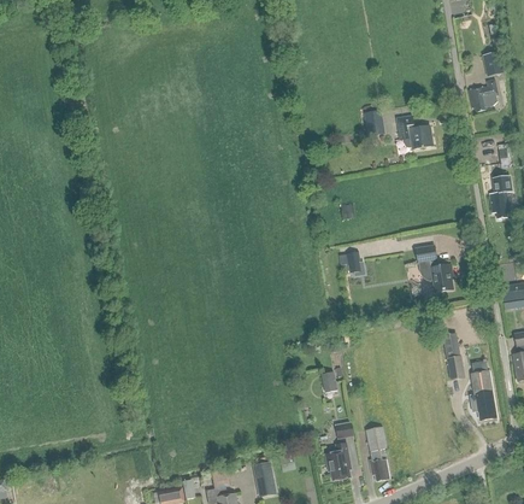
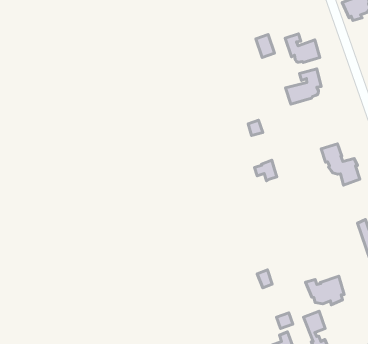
building: none -> [286,69,321,104]
building: none -> [306,276,344,305]

